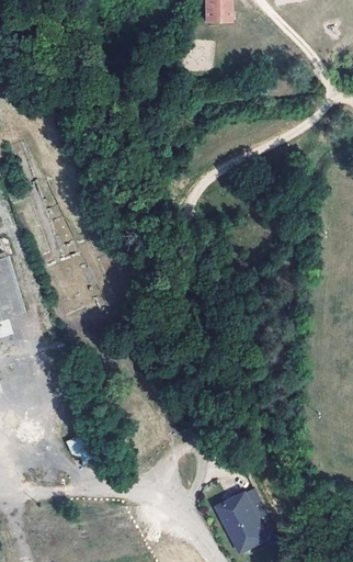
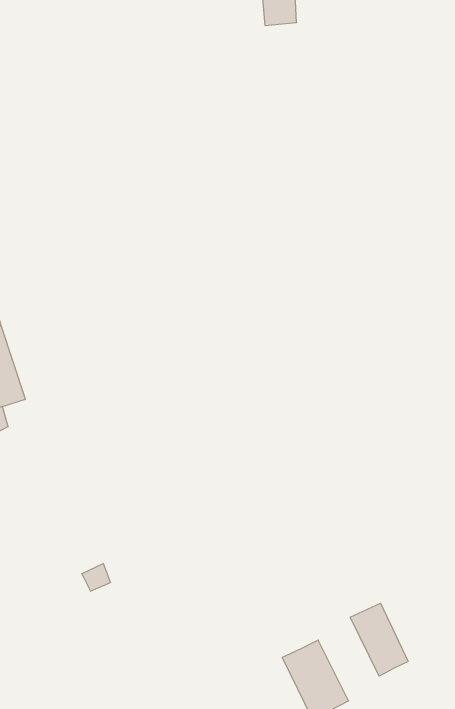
building: none -> [350,603,408,676]

